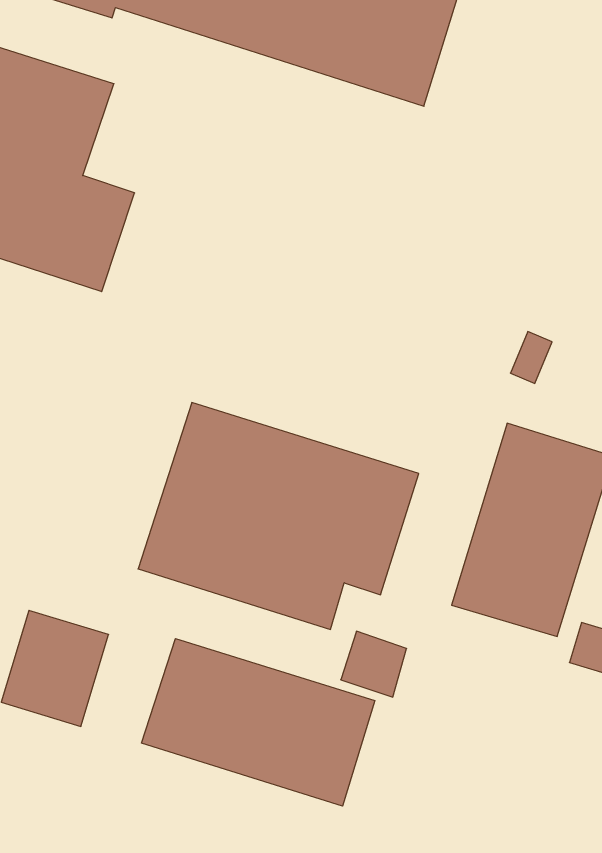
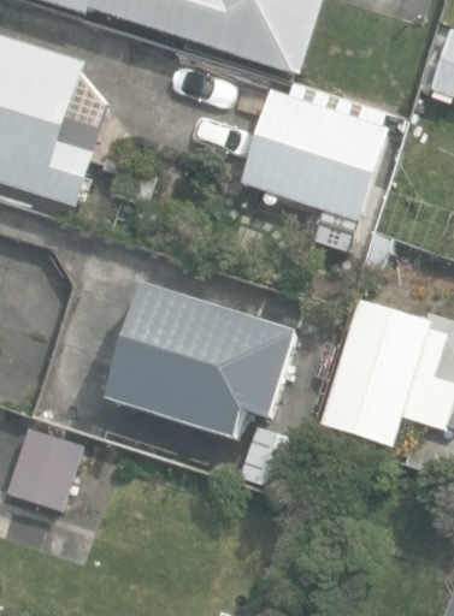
building: none -> [241,89,388,251]
building: [142,639,375,806] -> none

